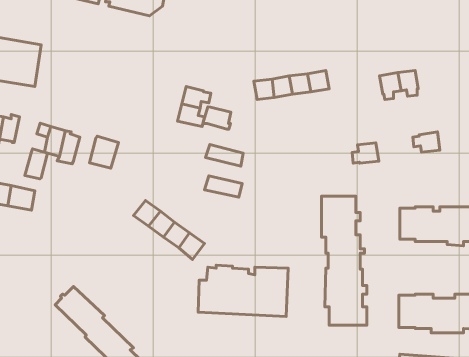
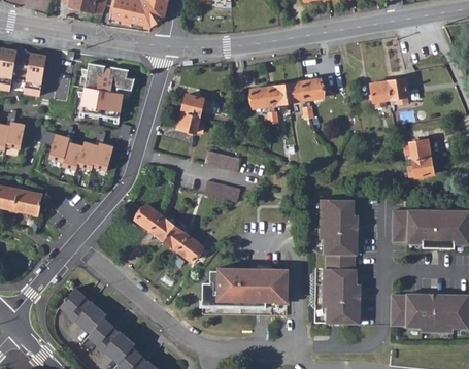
building: none -> [81,62,135,119]
building: [203,107,231,129] -> none
building: [352,143,379,163] -> [406,156,432,175]
building: [25,149,47,179] -> [77,140,99,169]

